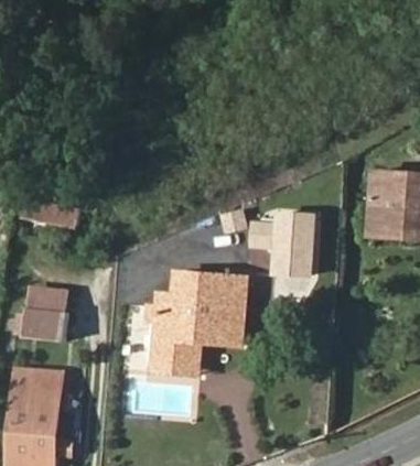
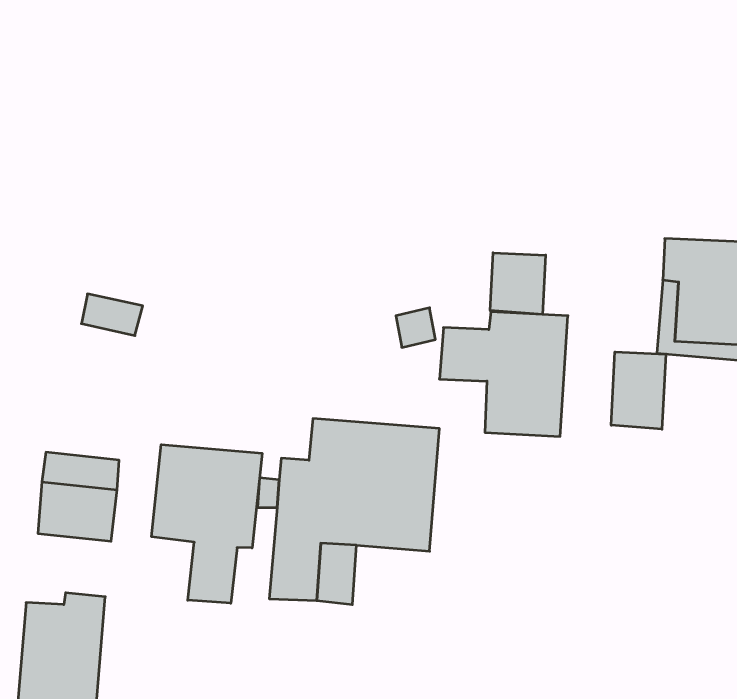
building: none -> [490,253,546,314]
building: none -> [611,352,666,429]
building: none -> [152,445,262,603]

